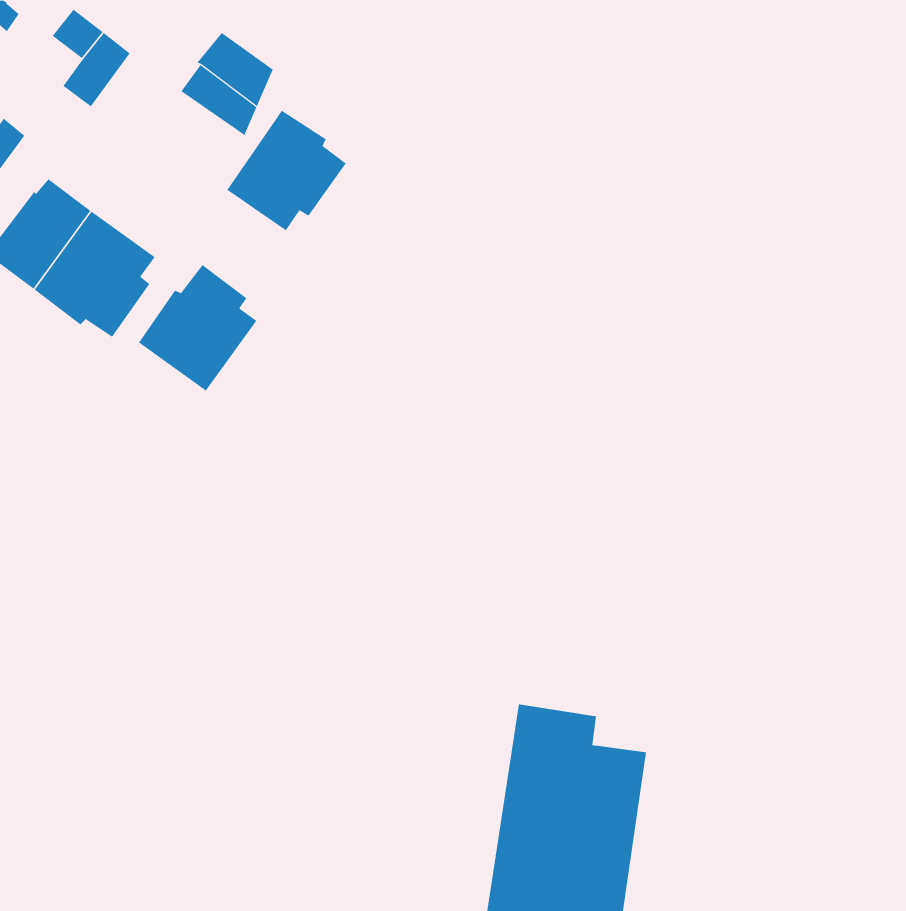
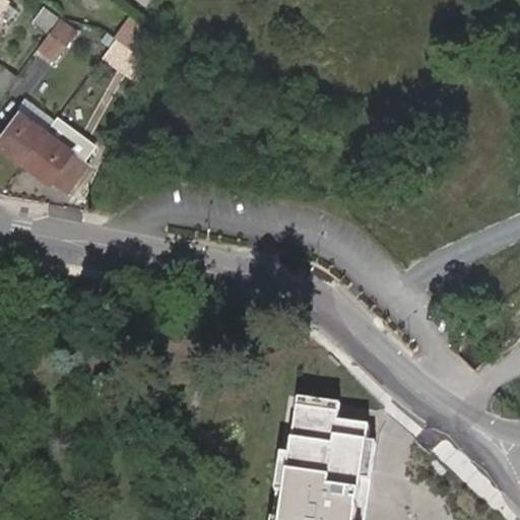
building: [226,110,347,231] -> none
building: [138,264,257,391] -> none

